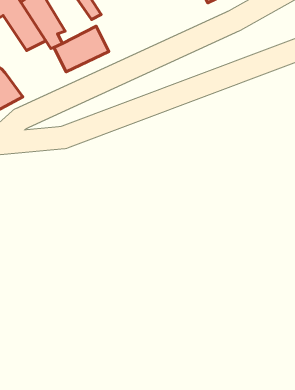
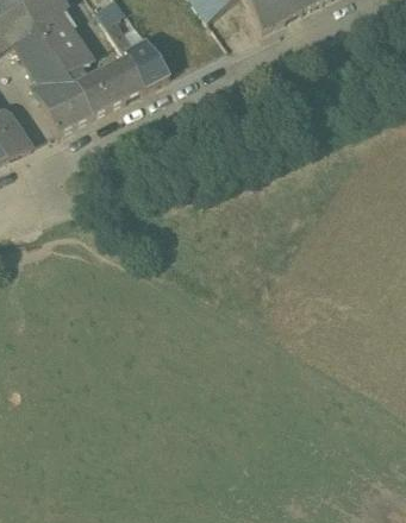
building: none -> [121,39,167,89]
building: none -> [43,84,90,130]

